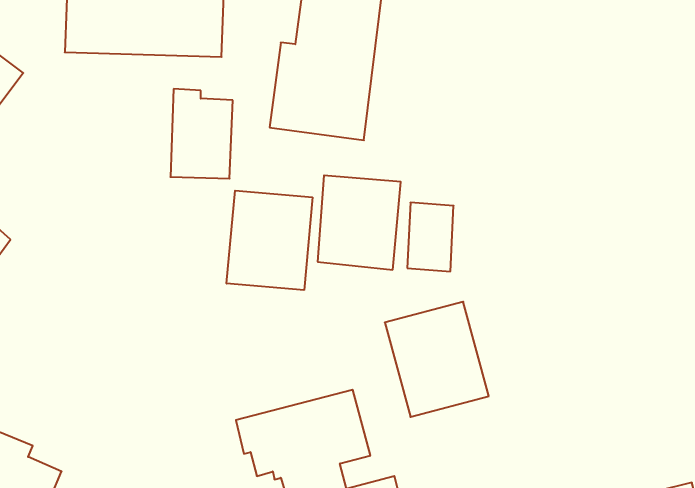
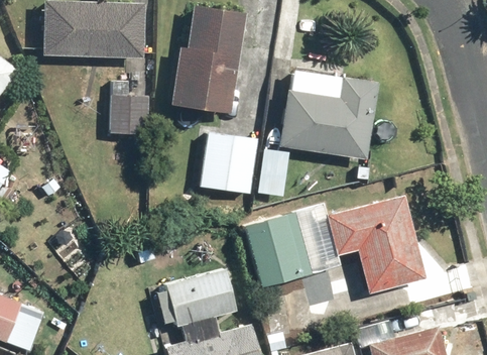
building: none -> [280,73,376,156]
building: [227,191,312,290] -> none
building: none -> [327,196,427,293]

